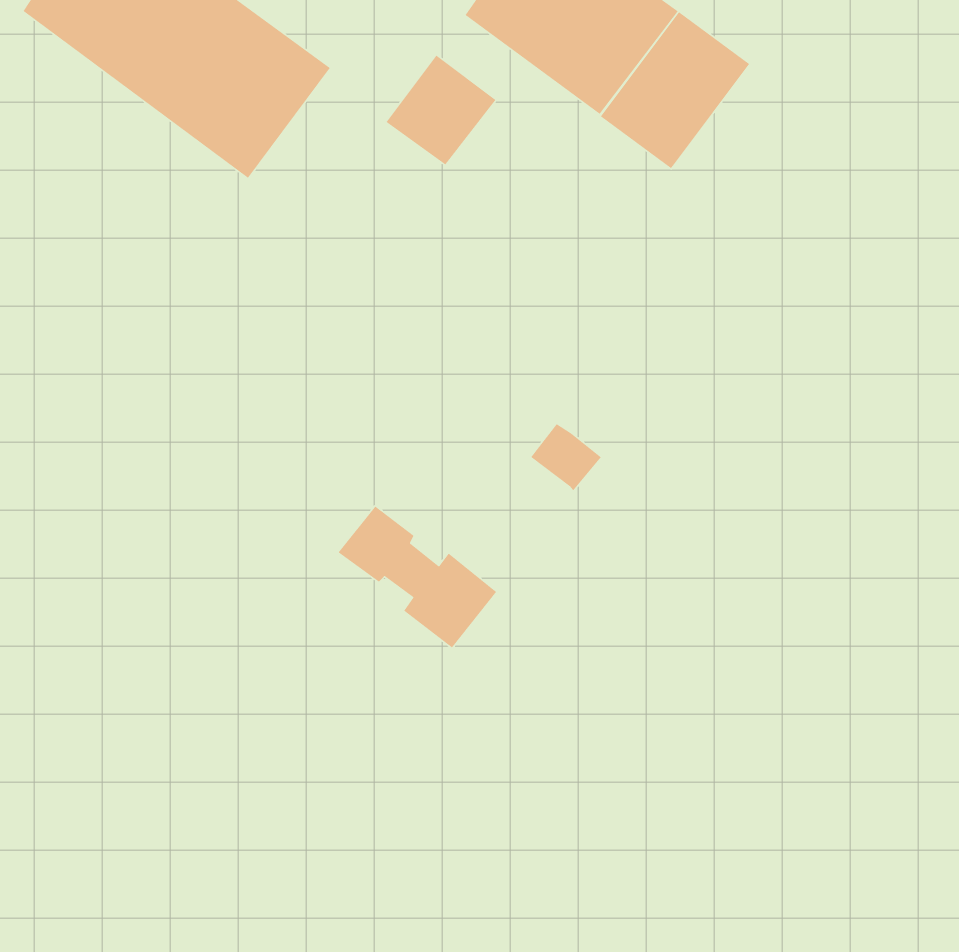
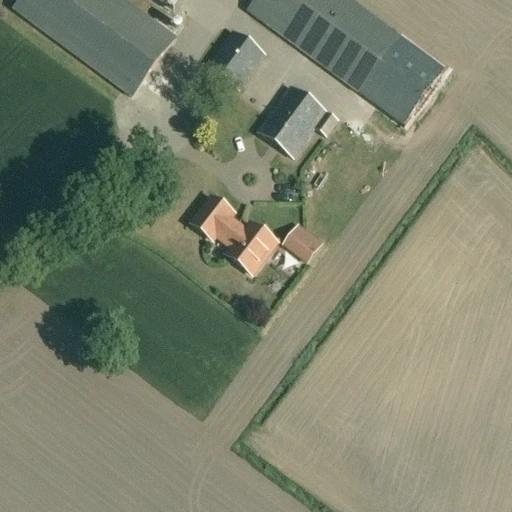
building: none -> [357,34,445,124]
building: none -> [257,85,336,156]
building: [337,505,497,648] -> [190,196,275,272]

